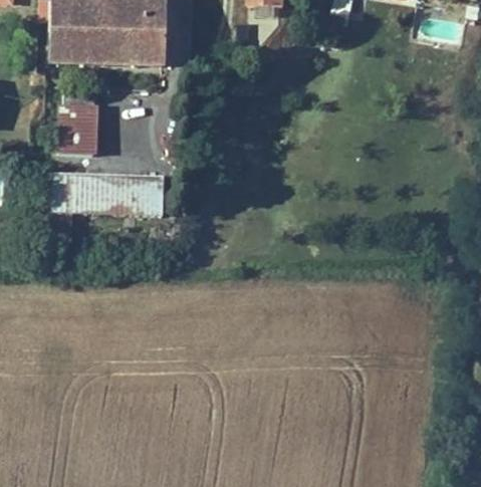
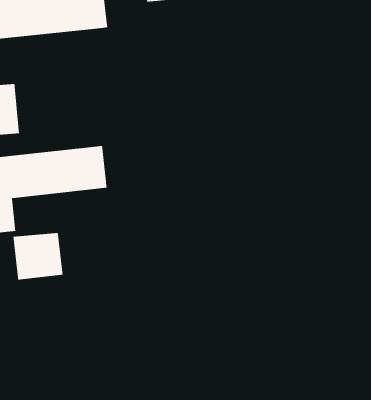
building: none -> [12,232,64,280]

